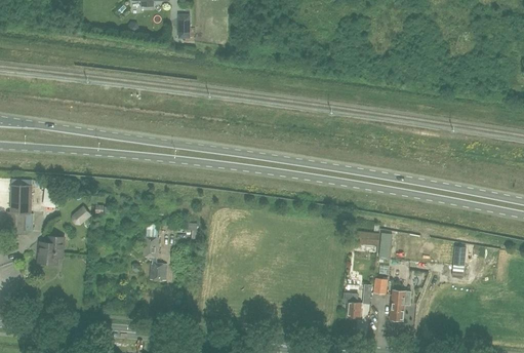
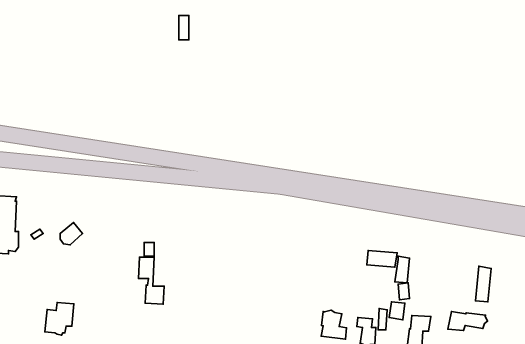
building: [38,236,65,266] -> [45,303,74,335]
building: none -> [321,310,346,339]
building: none -> [448,312,488,331]

